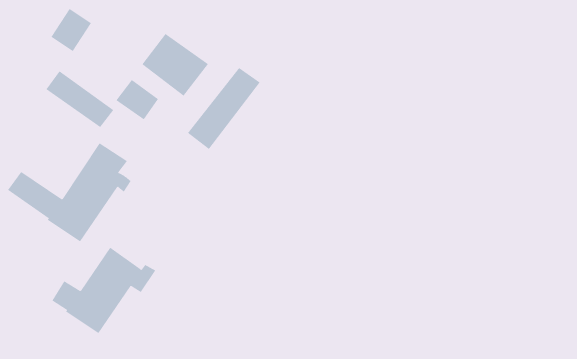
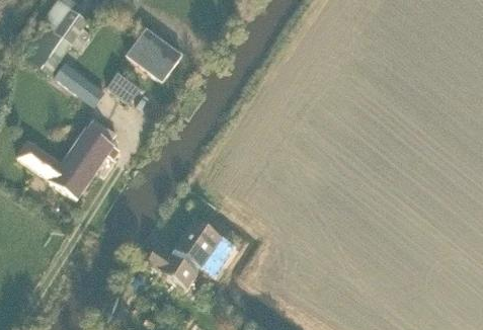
building: [187,67,261,150] -> none
building: [51,247,156,334] -> [147,219,232,290]

